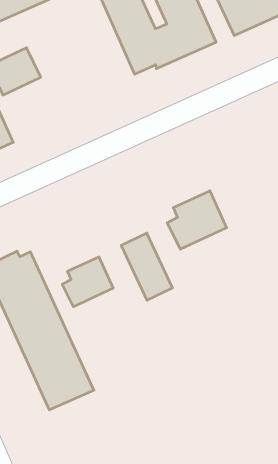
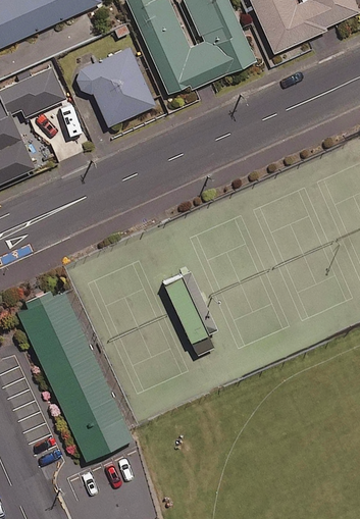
building: none -> [78,46,158,127]
building: [167,191,227,249] -> none
building: [62,257,113,307] -> none

